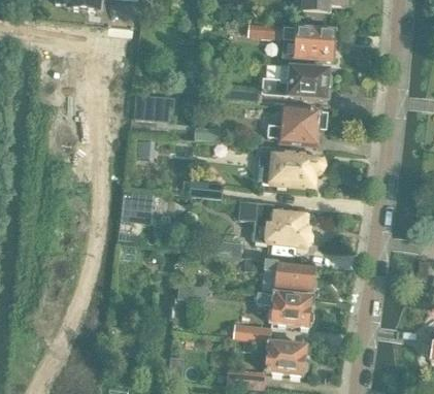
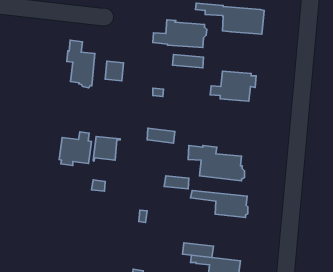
building: [264,64,332,99] -> [153,20,207,47]
building: none -> [67,40,95,88]
building: [261,154,323,187] -> none
building: none -> [59,132,92,166]
building: [257,292,313,327] -> none

